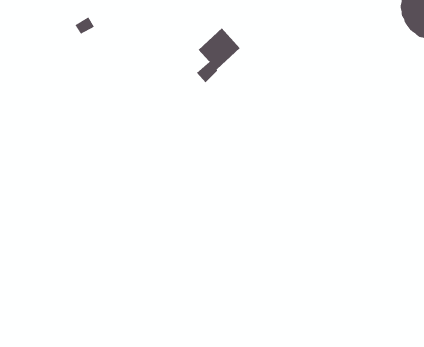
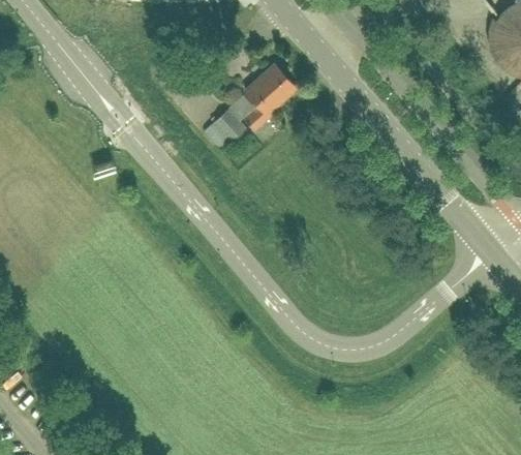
building: none -> [204,108,251,149]

